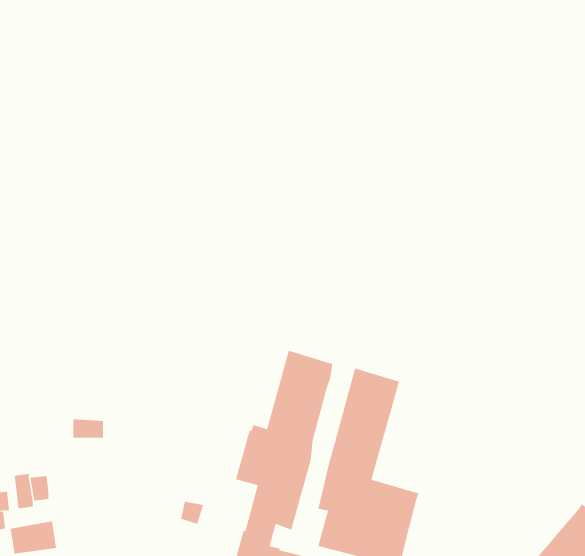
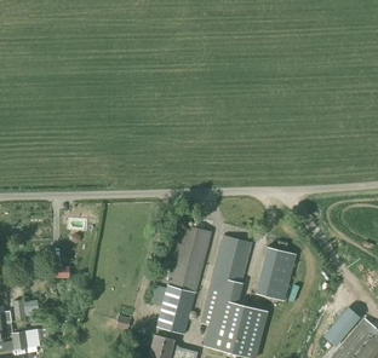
building: none -> [256,246,296,300]
building: none -> [322,305,360,345]

